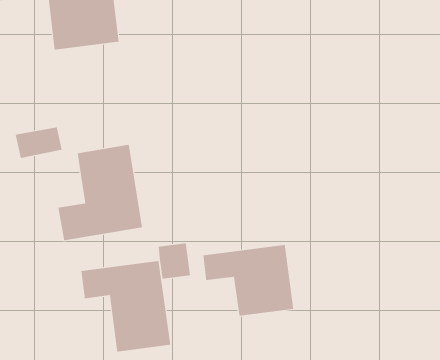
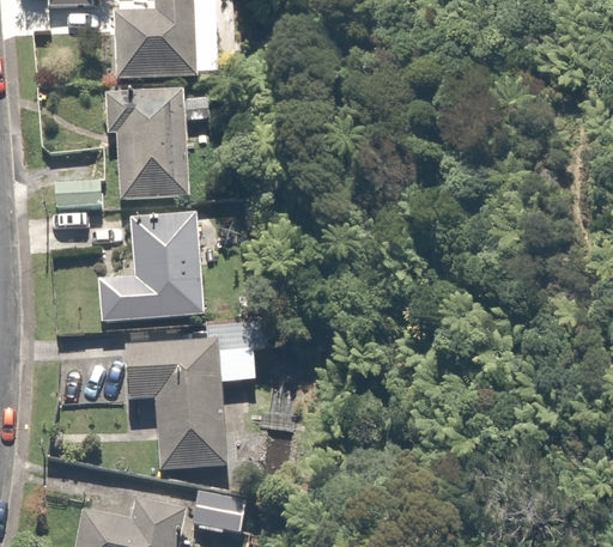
building: none -> [110,86,192,199]
building: [203,244,294,317] -> none

